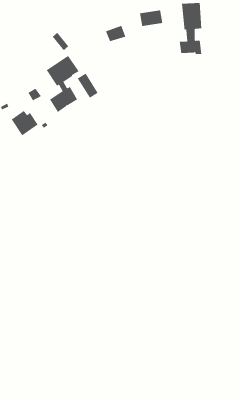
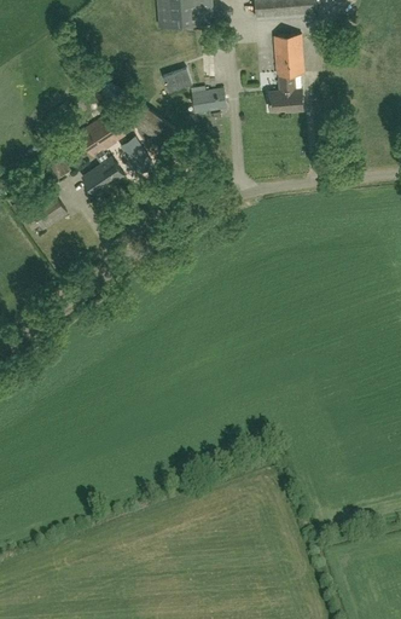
building: [139,10,163,27] -> [192,88,227,112]
building: none -> [128,102,174,144]

